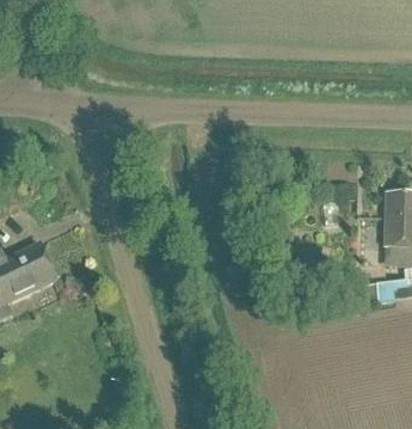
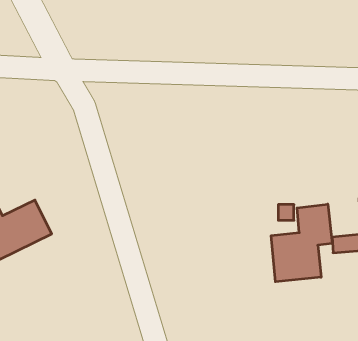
building: none -> [271,204,332,282]

